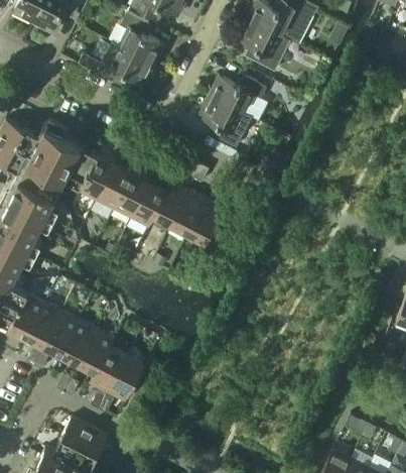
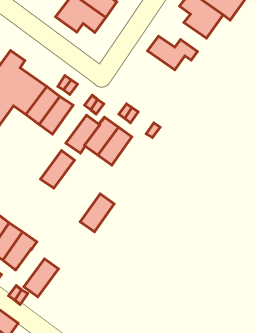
building: [199,97,252,148] -> none
building: [114,173,150,219] -> [41,150,75,188]
building: [188,200,225,245] -> [80,194,114,232]
building: [90,348,127,393] -> none

